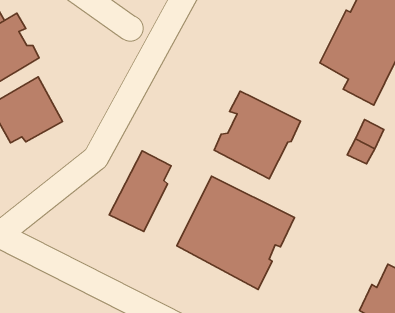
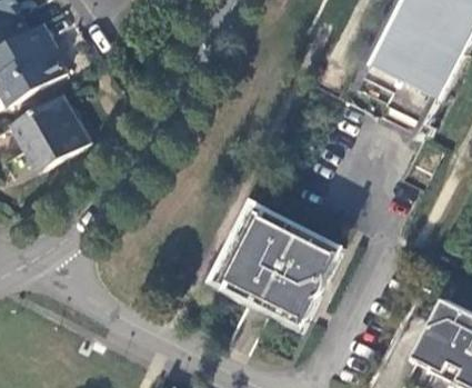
building: [214,91,301,179] -> none
building: [109,151,171,231] -> none

